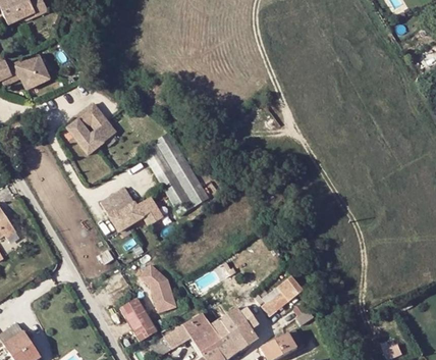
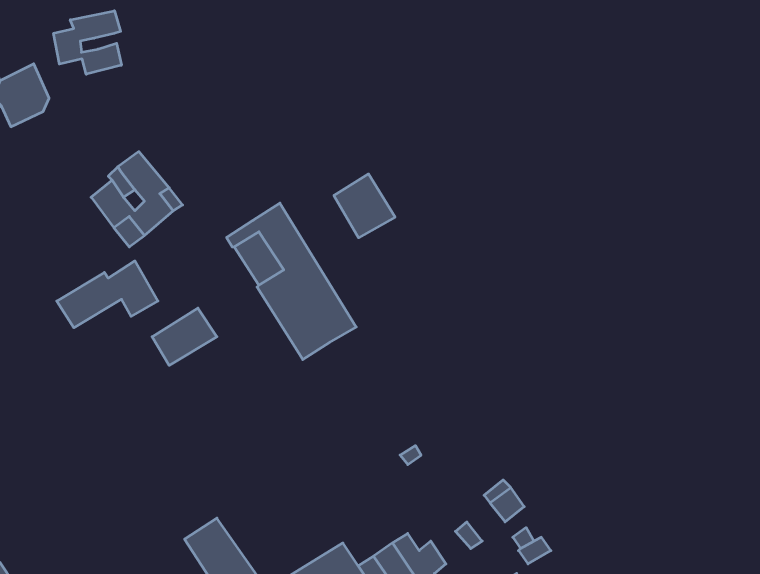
building: none -> [54,11,121,74]
building: none -> [334,174,395,238]
building: [109,196,163,232] -> [57,261,158,328]
building: [145,262,181,315] -> none

